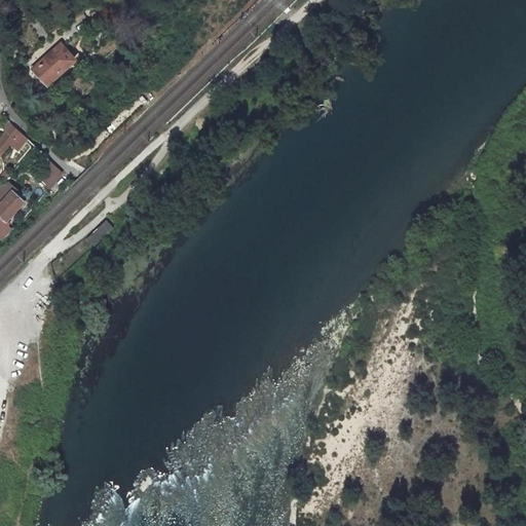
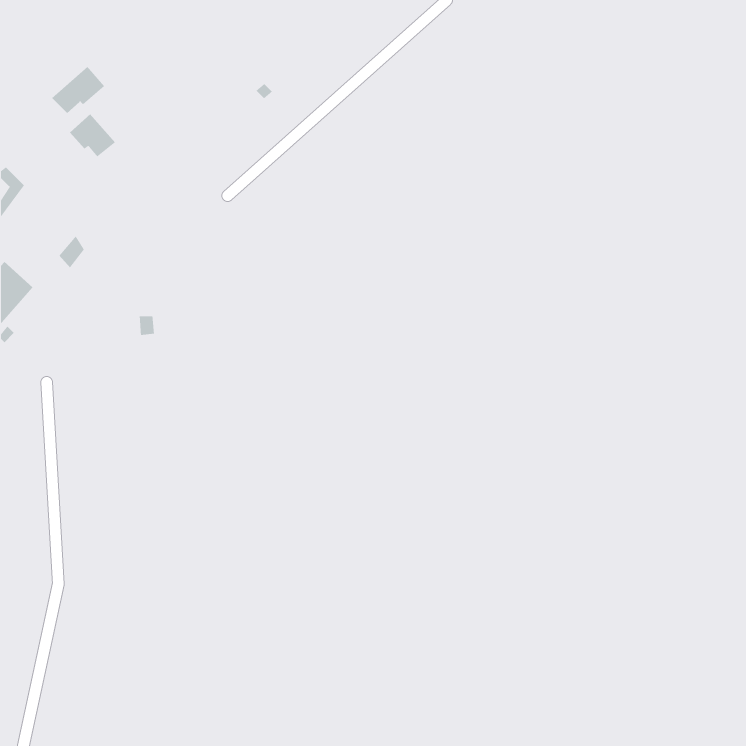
building: none -> [69,113,116,158]

